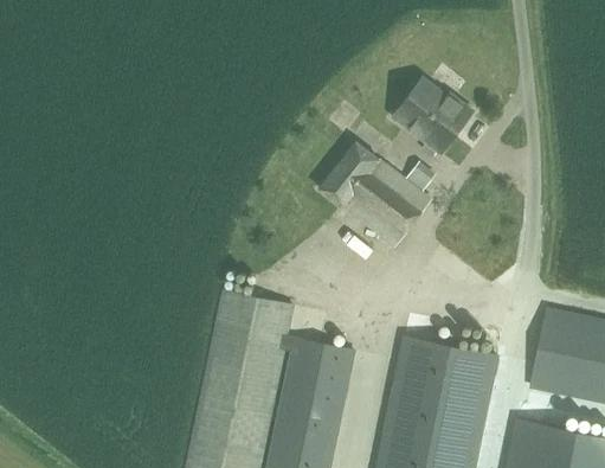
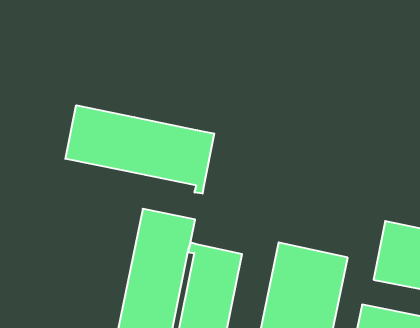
building: [393,79,472,153] -> none
building: [320,141,431,246] -> none
building: none -> [65,105,214,194]

